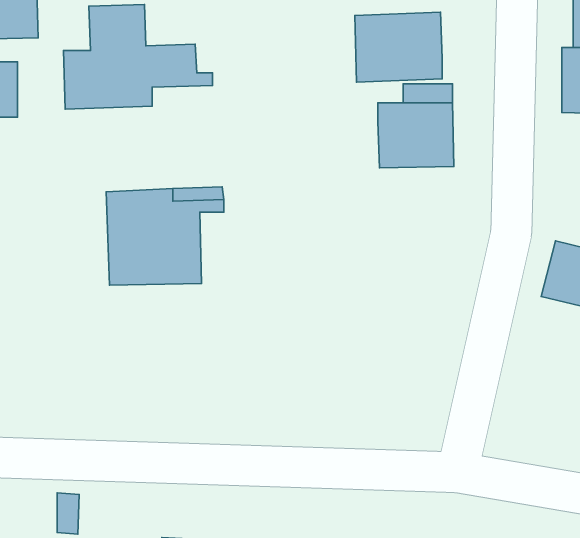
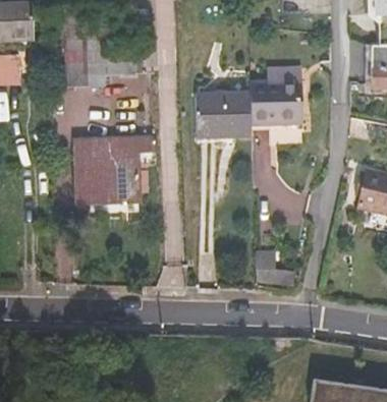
building: [355,12,442,82] -> [198,95,254,139]
building: none -> [258,249,296,285]

